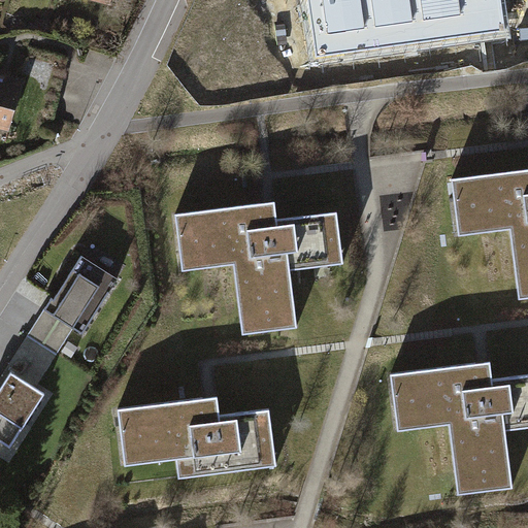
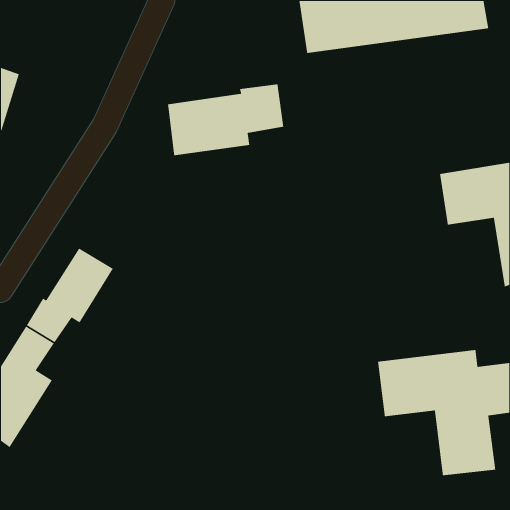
building: none -> [167,83,284,156]
building: [173,198,341,332] -> none
building: [119,399,271,473] -> none

